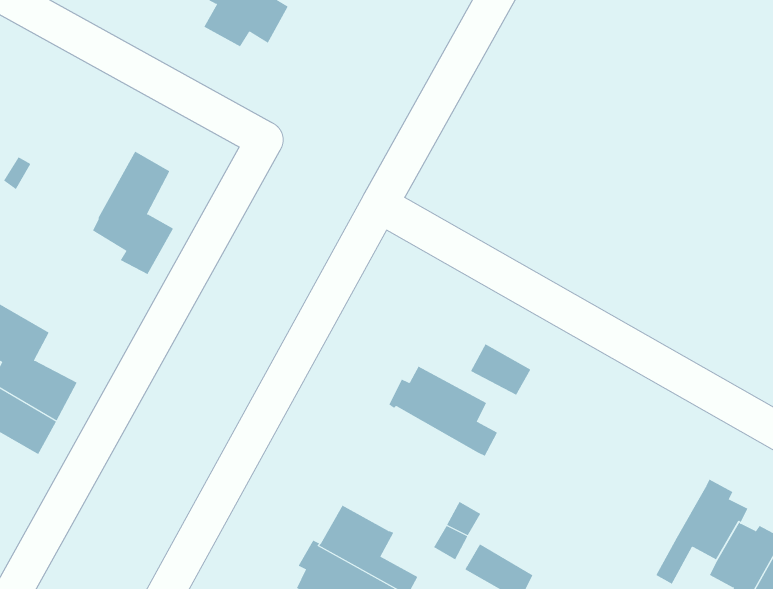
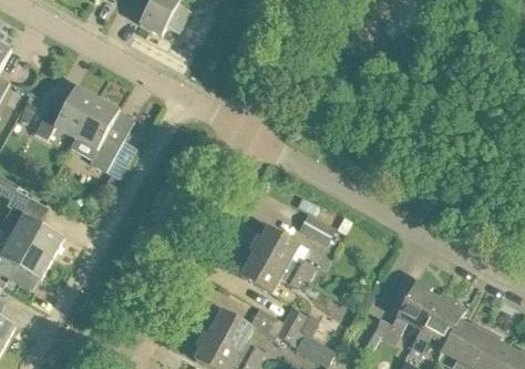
building: none -> [34,86,97,140]
building: none -> [239,252,302,295]
building: none -> [373,280,439,345]

